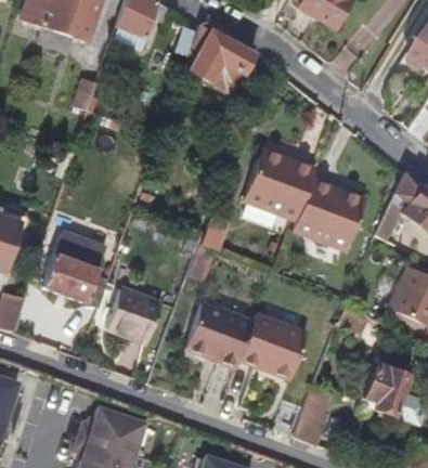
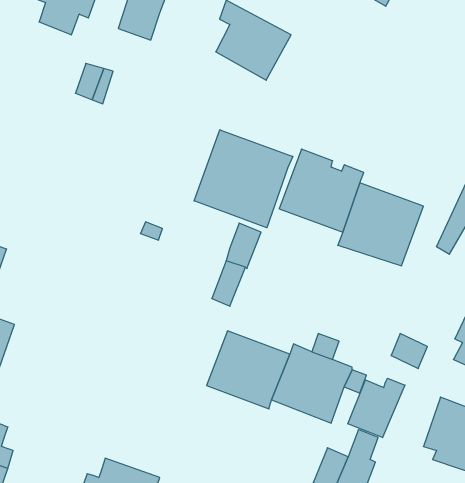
building: none -> [194,130,293,228]
building: [42,236,105,307] -> none
building: [108,286,165,342] -> none
building: none -> [348,378,405,438]

